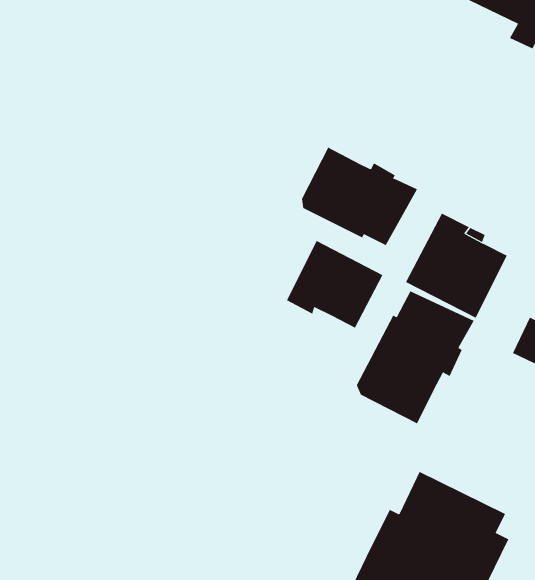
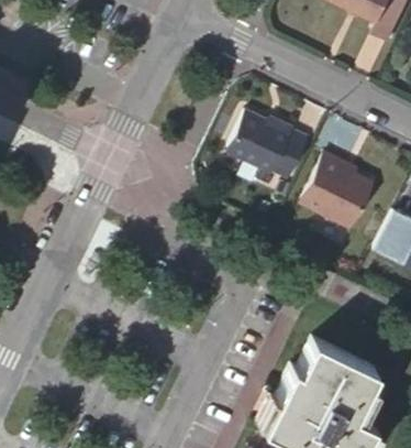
building: [286,240,383,328] -> none
building: [356,290,474,424] -> none

